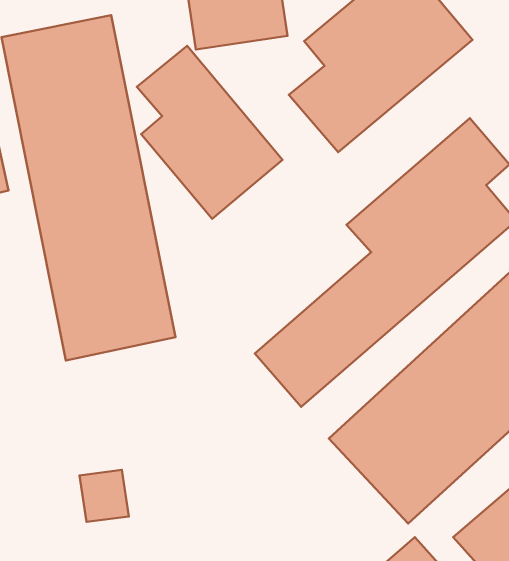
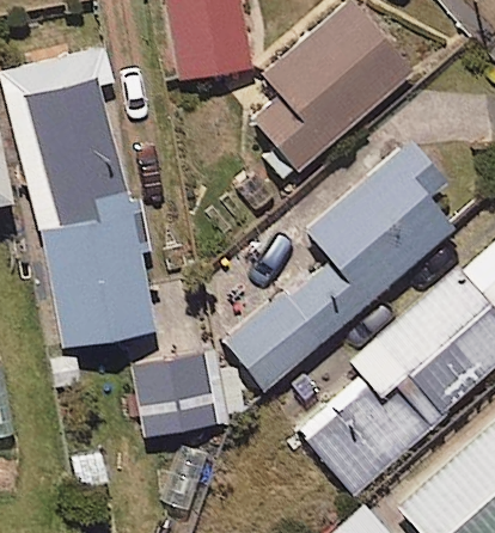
building: [137,46,282,219] -> none
building: none -> [135,357,215,436]

